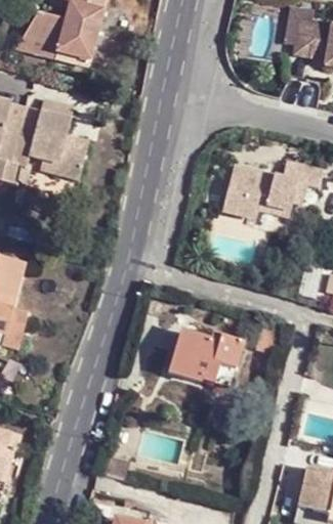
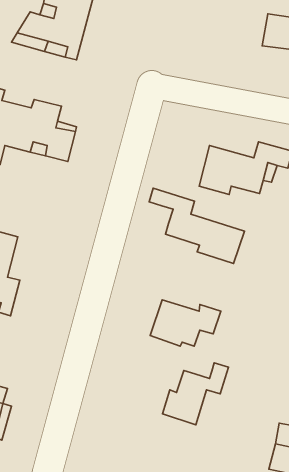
building: none -> [149,188,244,263]
building: none -> [163,363,228,425]

